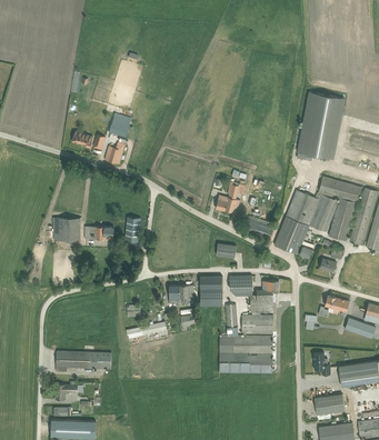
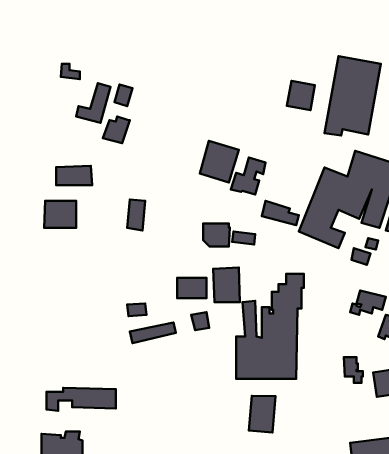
building: none -> [287,81,315,110]
building: none -> [200,141,239,182]
building: [83,223,114,240] -> [56,166,92,185]
building: [229,276,252,296] -> [203,224,230,247]
building: [56,350,110,371] -> none
building: none -> [249,396,276,433]
building: [315,394,345,416] -> none

